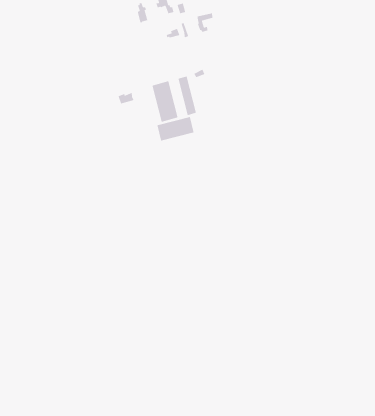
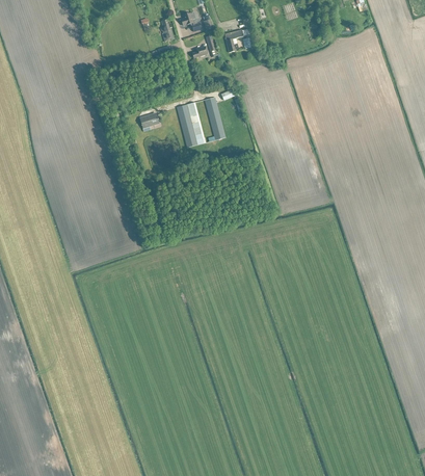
building: [157,116,194,142] -> none

